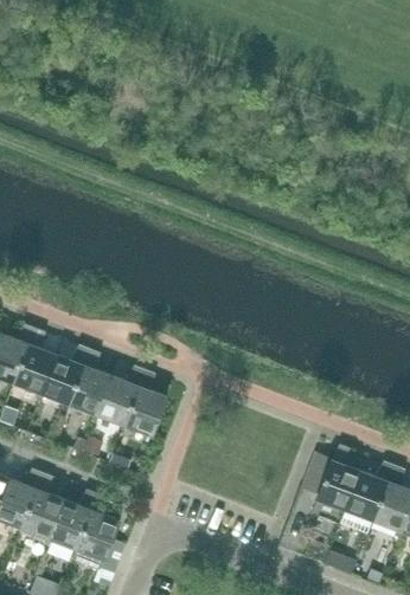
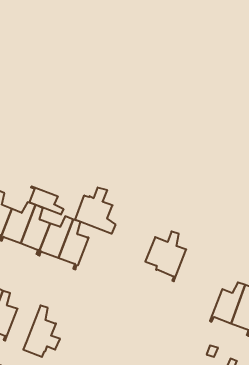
building: none -> [29,186,63,215]
building: none -> [75,187,115,234]
building: [301,446,360,518] -> [145,231,186,281]
building: [46,491,97,550] -> none

